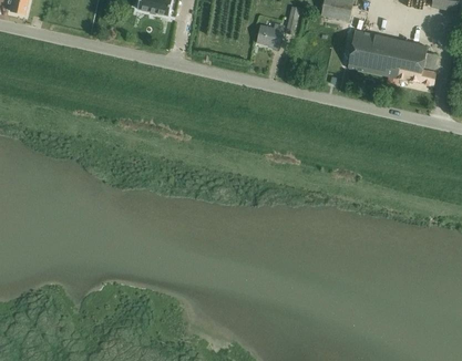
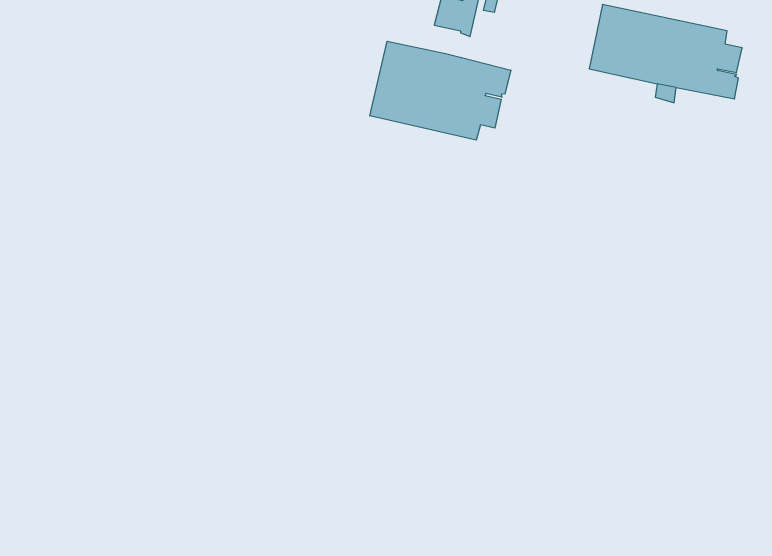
building: none -> [370,41,511,140]

